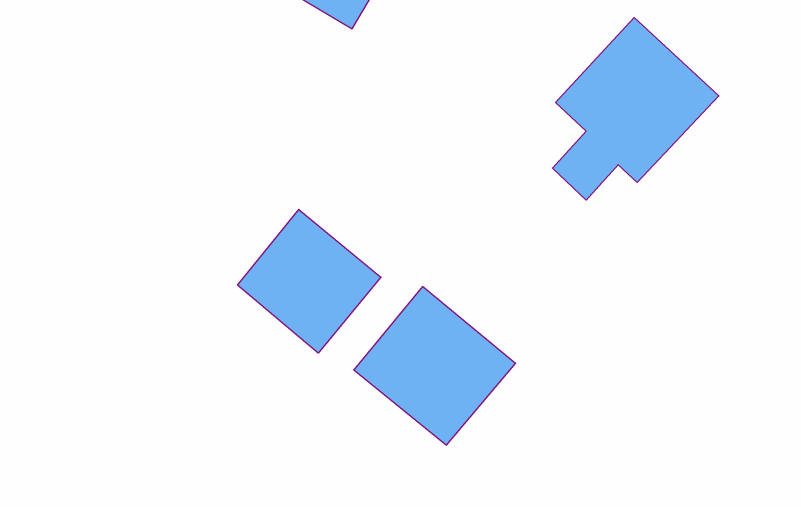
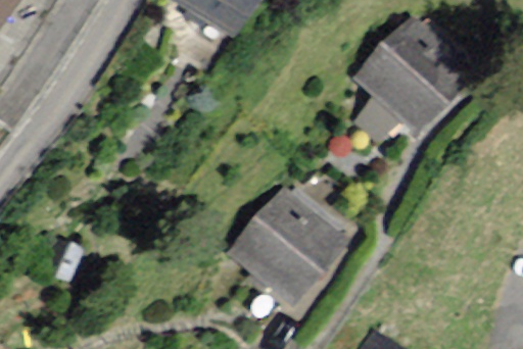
building: [238,209,381,353] -> none

